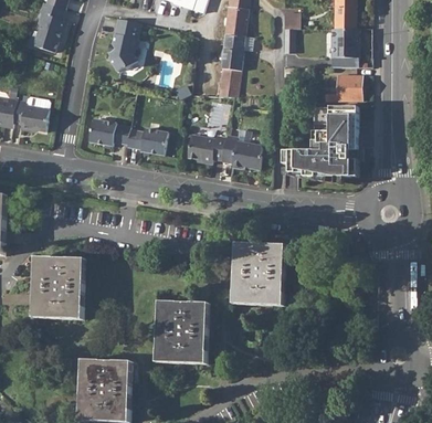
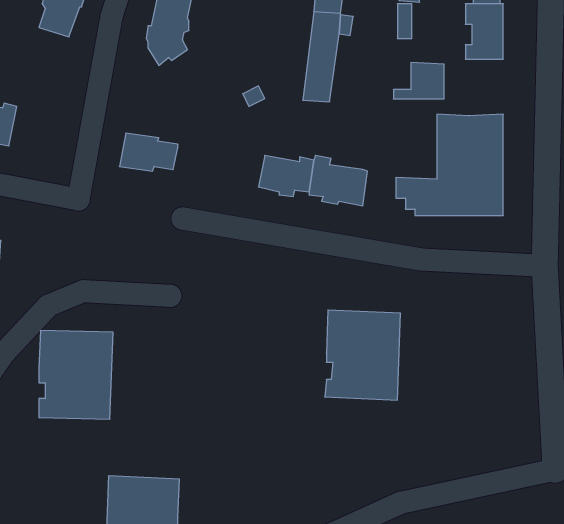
building: [326,74,361,99] -> [393,63,444,99]
building: [13,96,50,130] -> none
building: [127,127,168,155] -> none
building: [156,300,209,362] -> none

